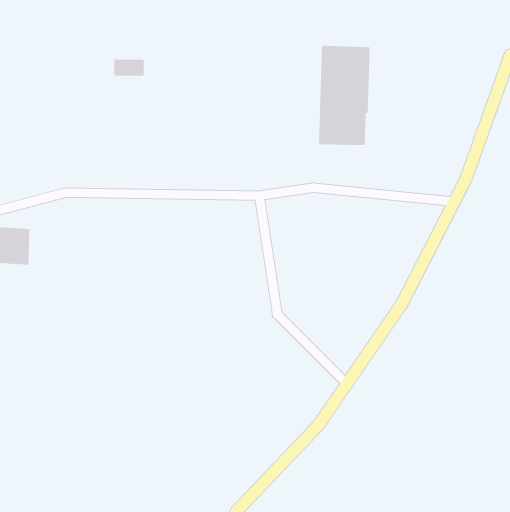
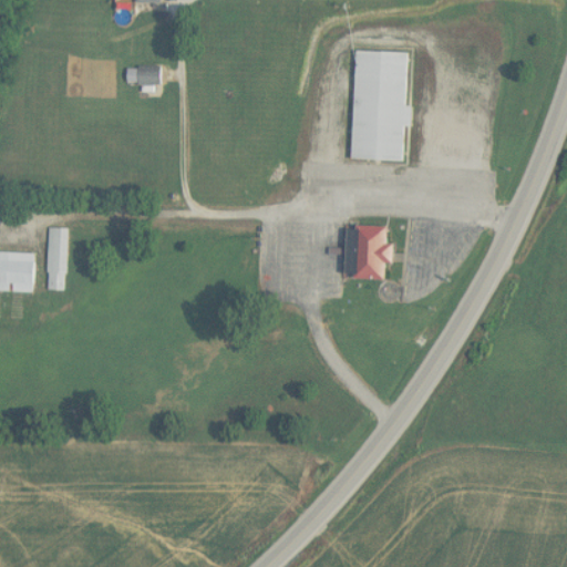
building: none -> [346,225,393,279]
building: none -> [47,227,65,290]

